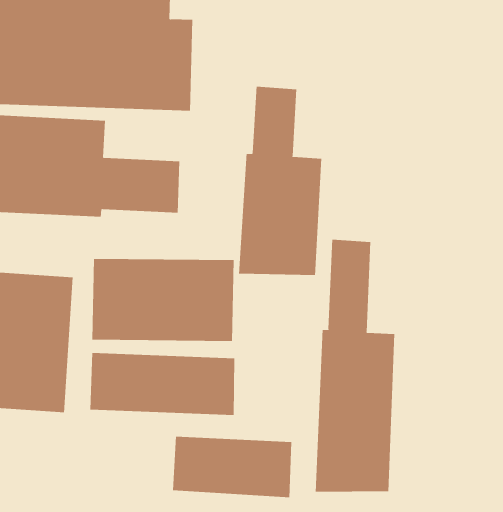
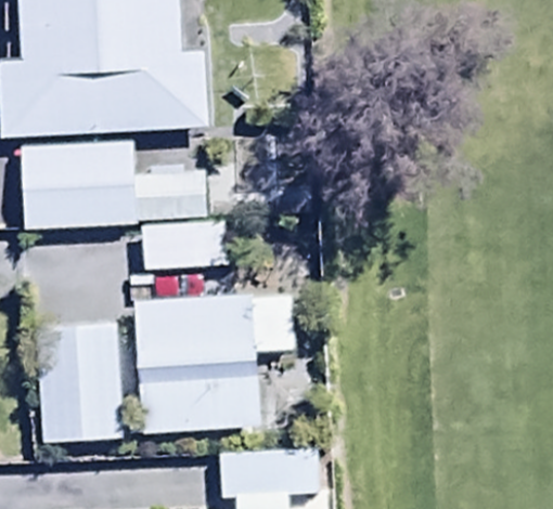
building: [239,86,322,276] -> none
building: [315,239,395,492] -> none

